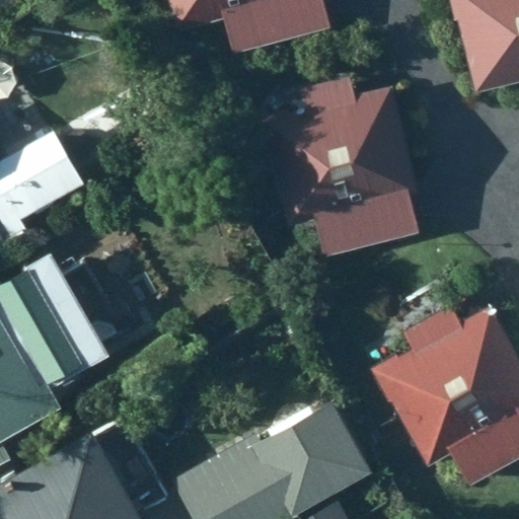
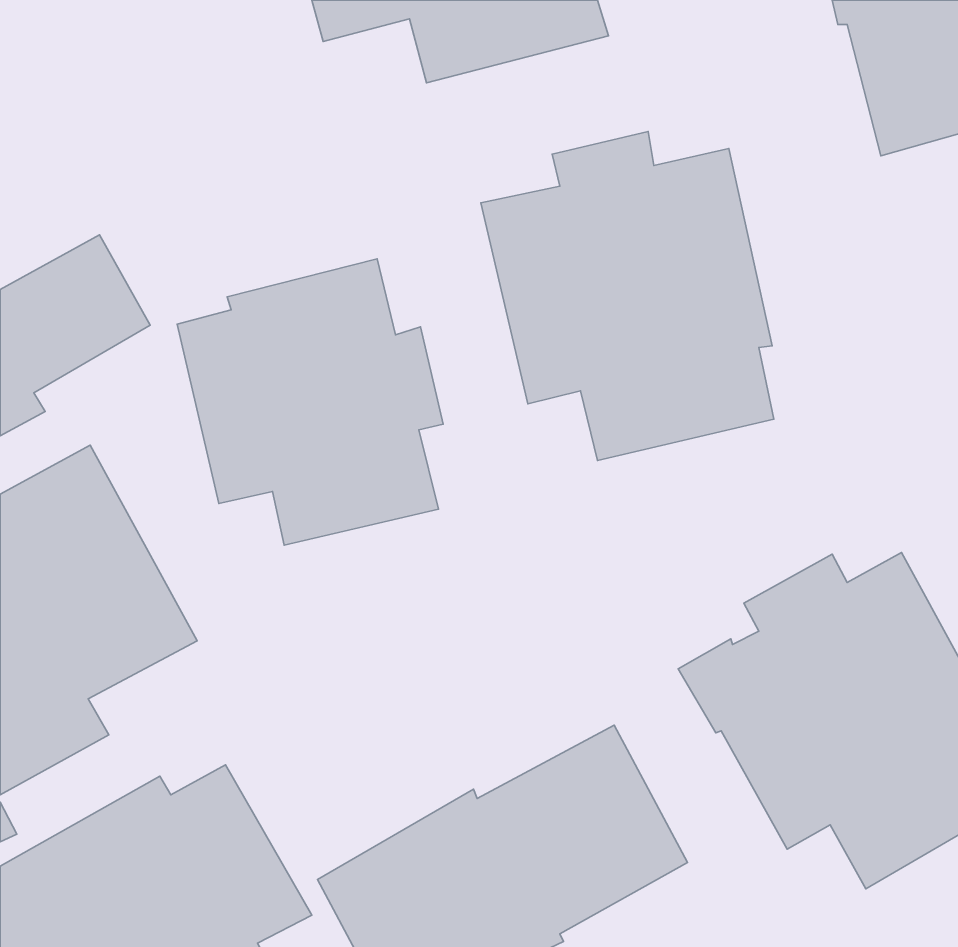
building: none -> [177,259,443,545]

